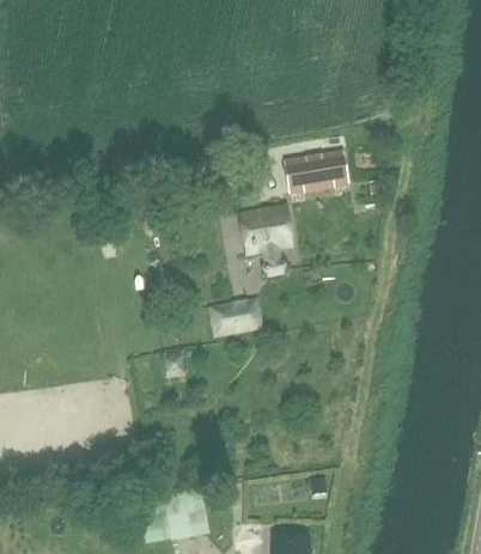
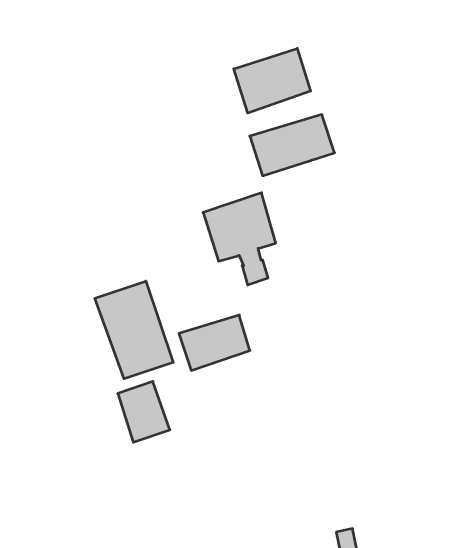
building: none -> [234,48,311,113]
building: none -> [95,281,173,379]

